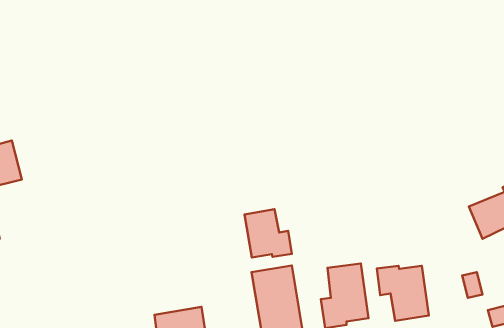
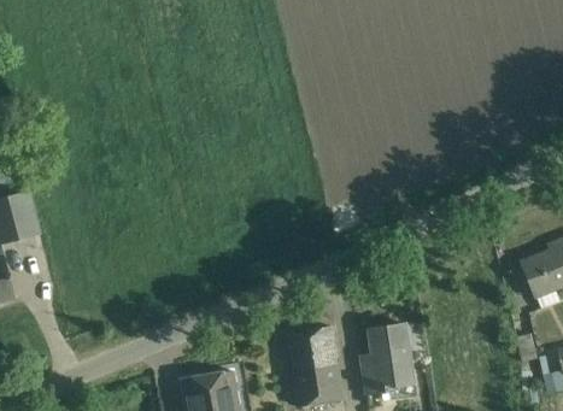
building: [245,209,292,257] -> none
building: [377,266,429,321] -> none

